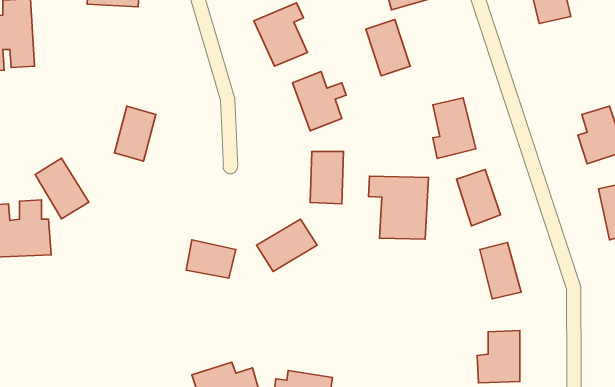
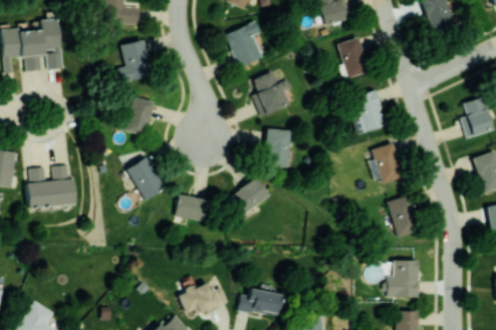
building: [366,19,410,76] -> [337,37,369,78]
building: none -> [117,40,151,82]
building: [35,158,89,219] -> [126,156,165,201]
building: [368,176,429,239] -> none

